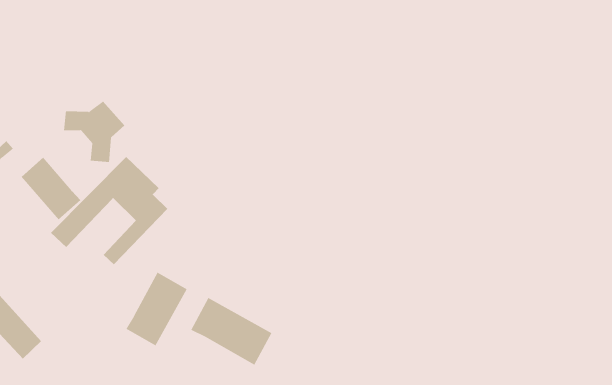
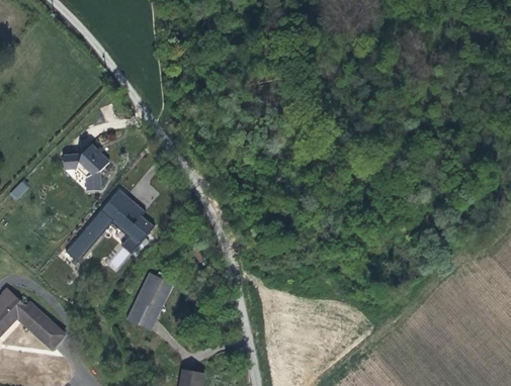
building: [21,157,81,220] -> none
building: [191,297,272,365] -> none

